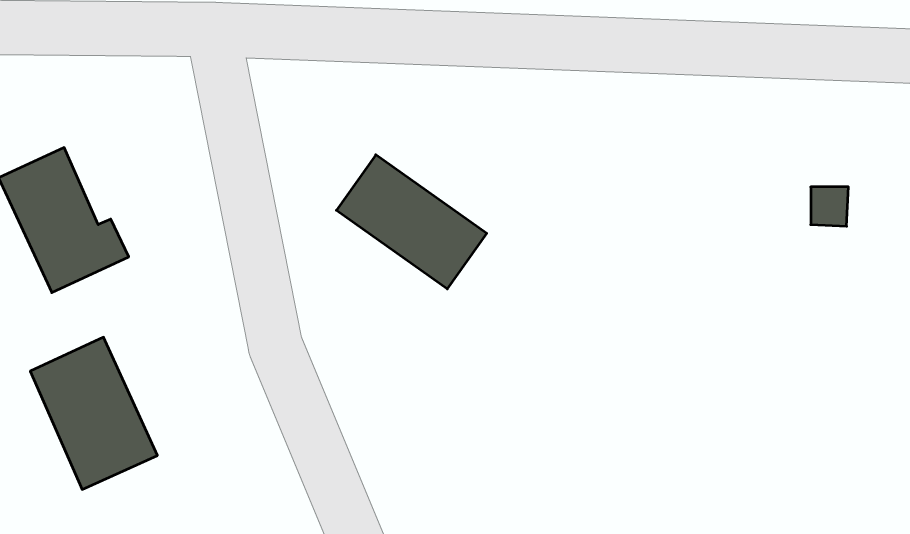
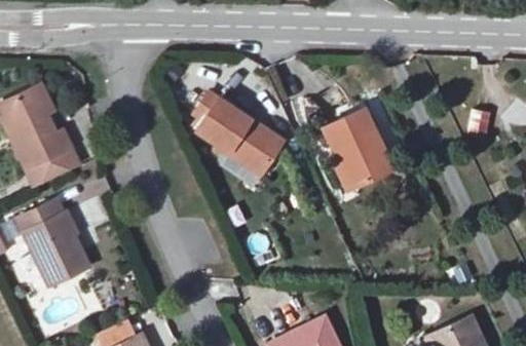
building: none -> [321,109,393,193]

